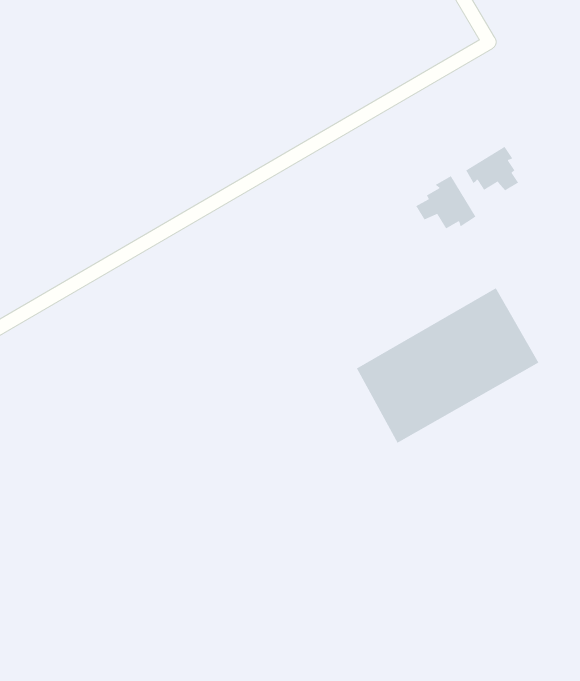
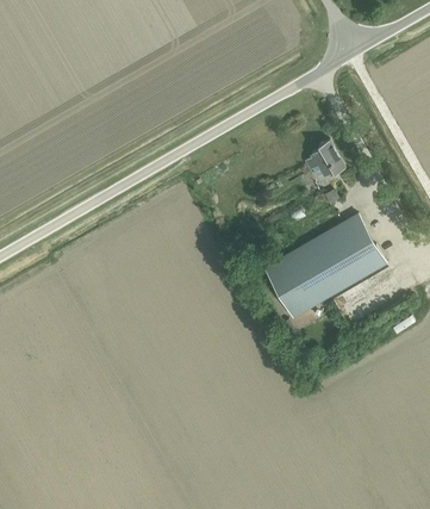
building: [465,146,519,191] -> none

